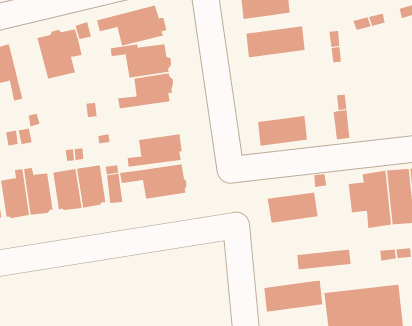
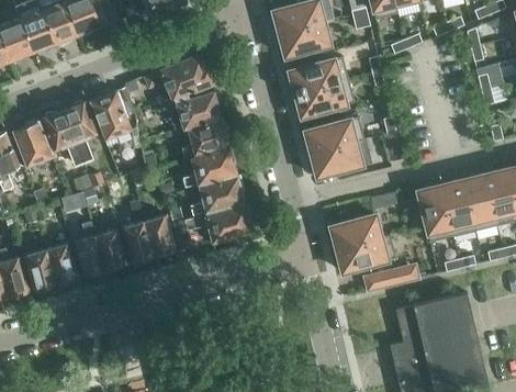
building: none -> [64,100,99,160]
building: none -> [294,79,355,116]
building: none -> [304,116,364,154]
building: none -> [181,147,237,186]
building: [263,280,323,312] -> [336,235,395,272]

